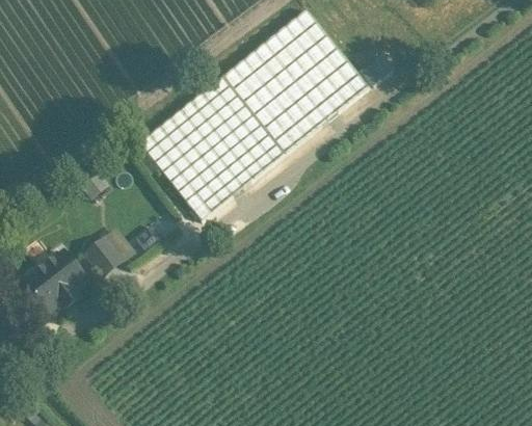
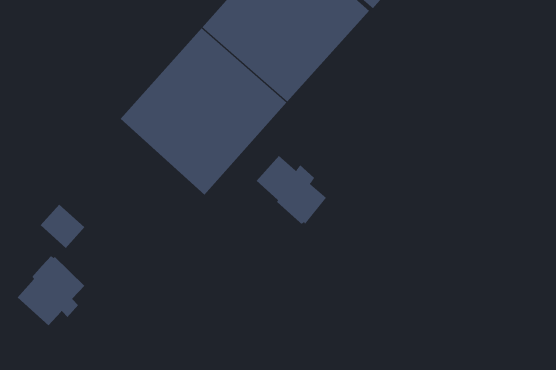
building: none -> [256,155,327,225]
building: [84,238,123,277] -> [40,204,85,249]

